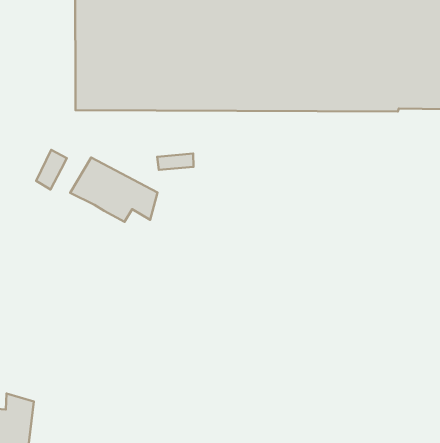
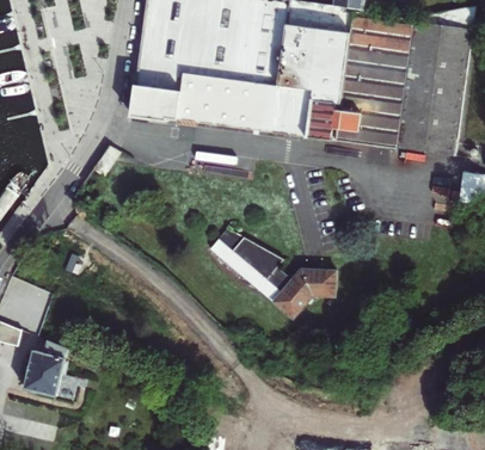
building: [70,158,158,222] -> none
building: none -> [208,228,336,320]

